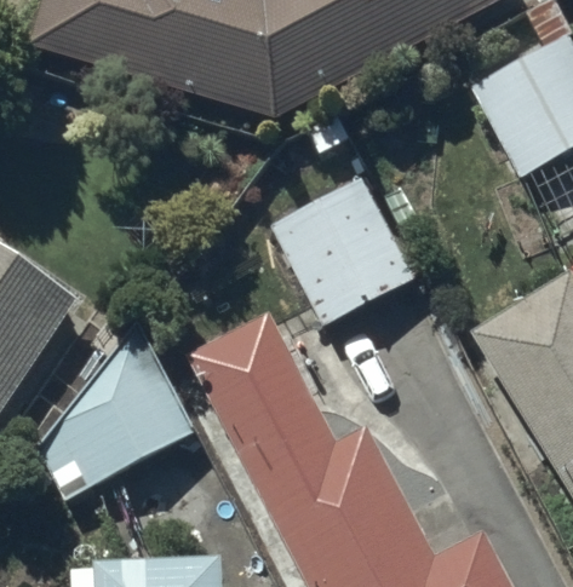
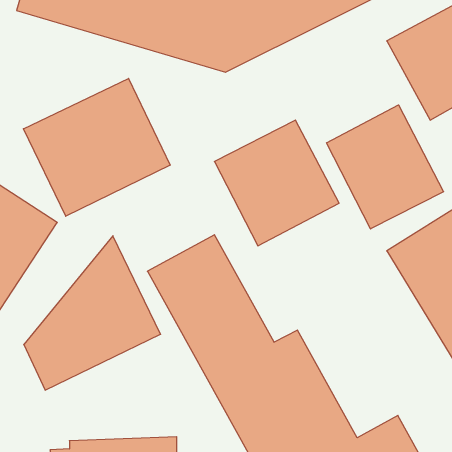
building: none -> [23,78,170,216]
building: none -> [327,105,444,229]

